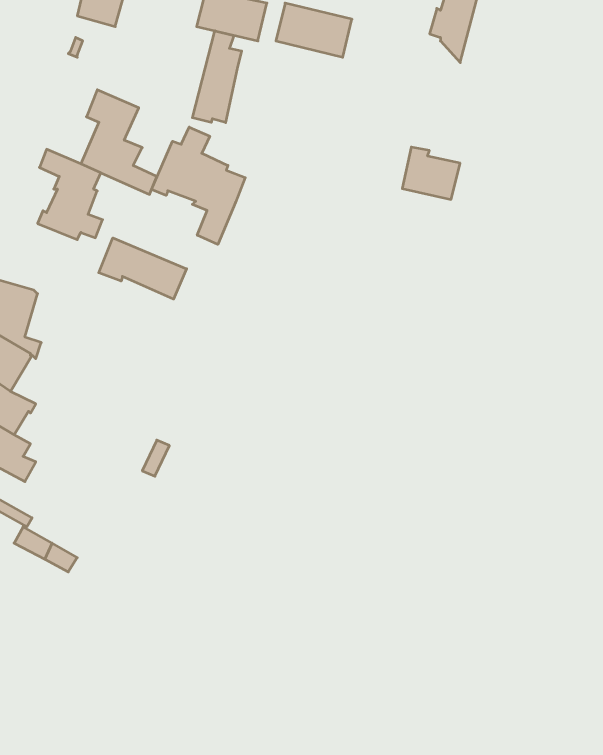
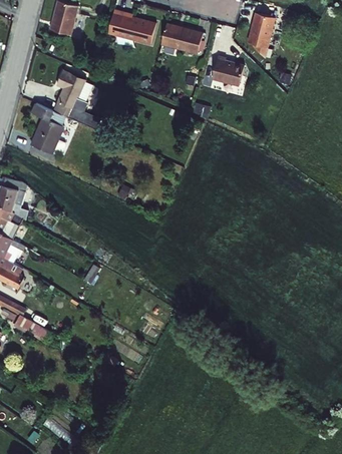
building: [192,31,242,123] -> none
building: [152,127,245,244] -> none
building: [402,147,460,199] -> [212,55,244,84]
building: [99,238,187,299] -> none

